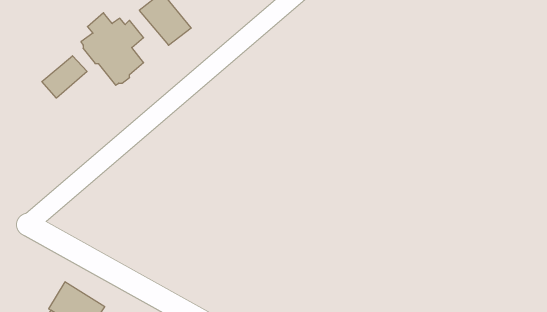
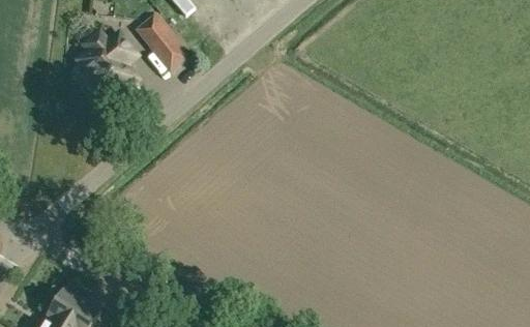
building: [42,56,87,98] -> none

